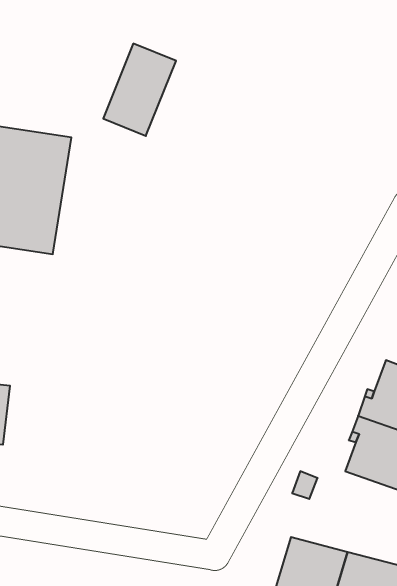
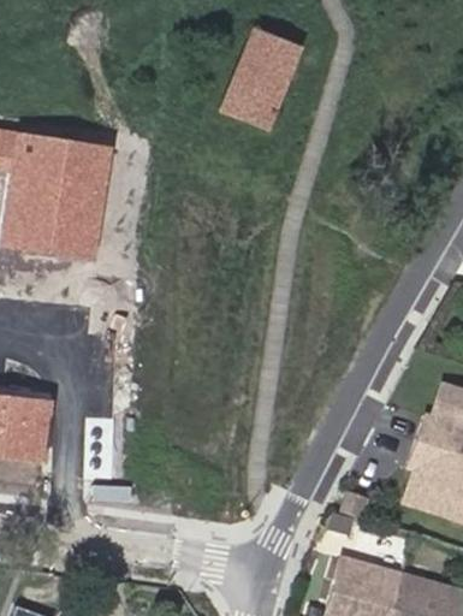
building: [103,44,176,136] -> [221,34,297,130]

